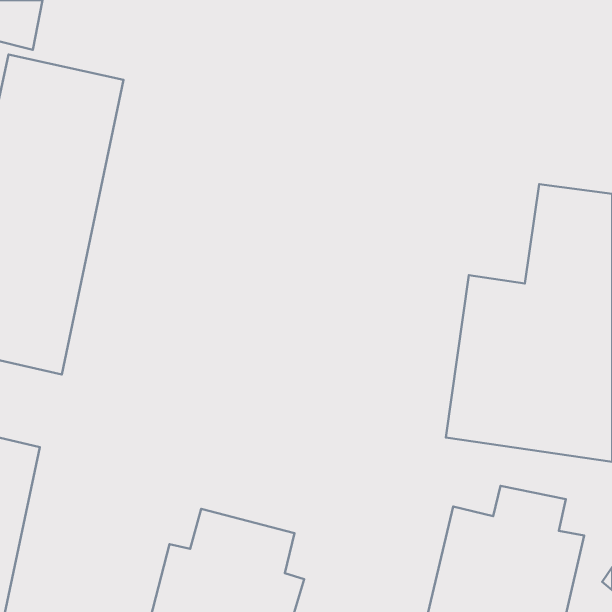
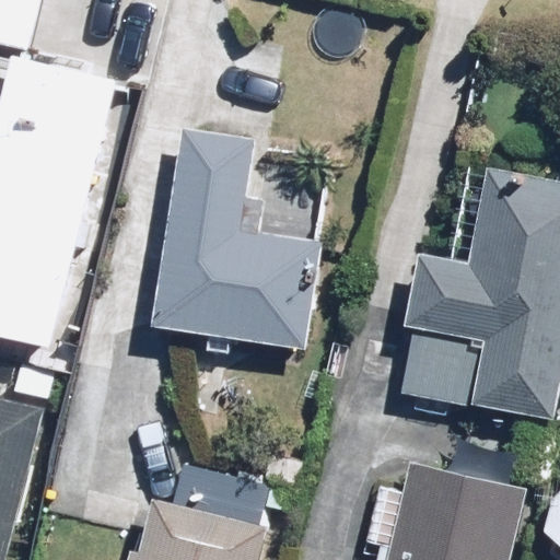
building: none -> [168,127,317,345]

